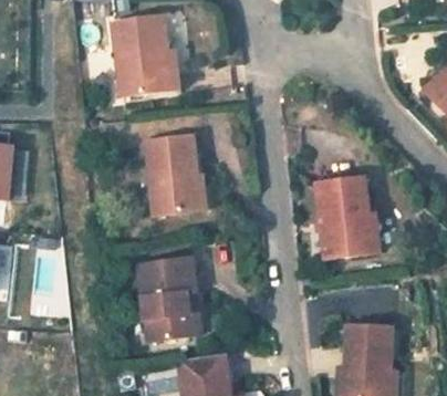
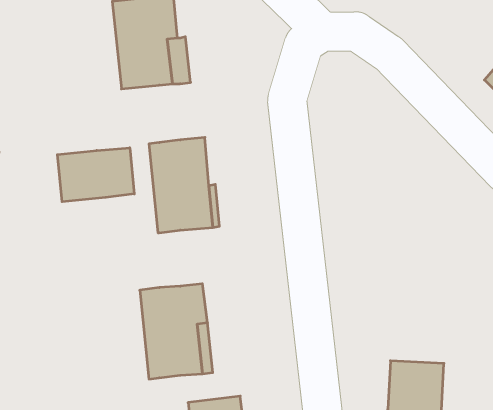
building: none -> [57,148,134,202]
building: [316,178,381,259] -> none

